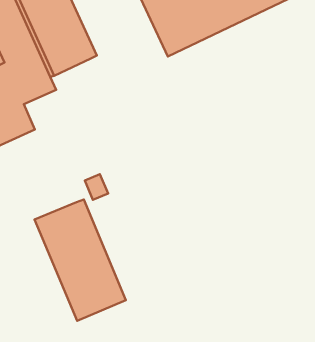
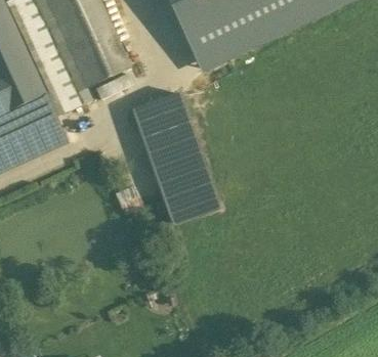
building: none -> [132,92,220,225]
building: [34,200,126,321] -> none

